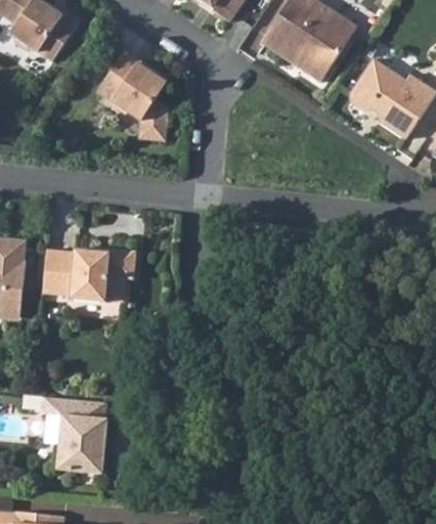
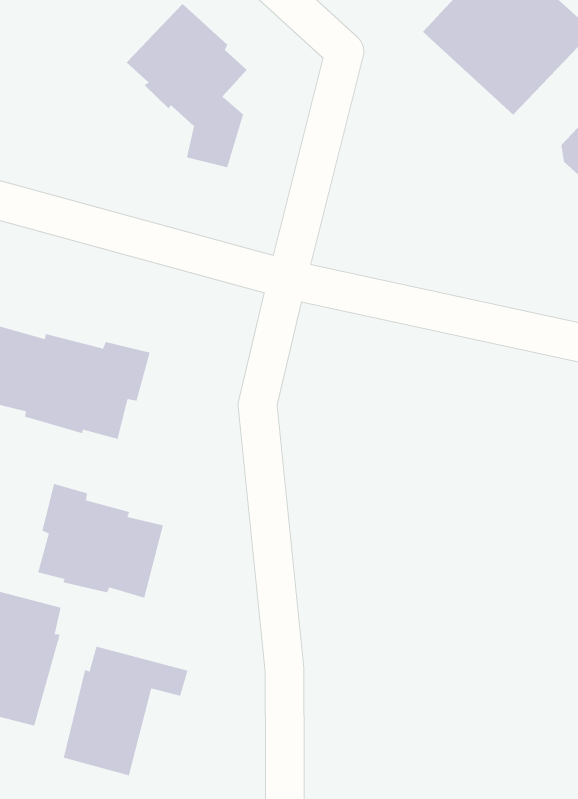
building: none -> [38,483,164,598]
building: none -> [63,646,188,776]

